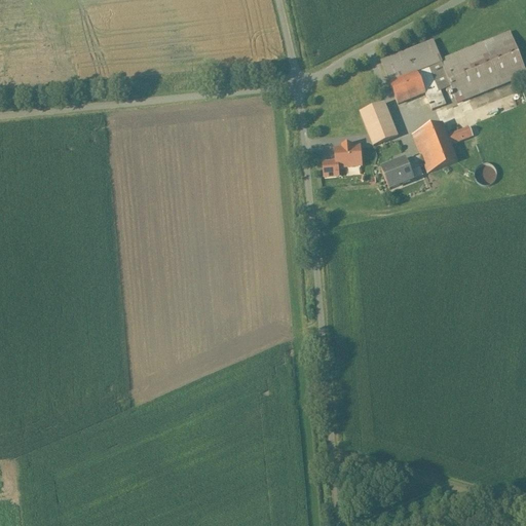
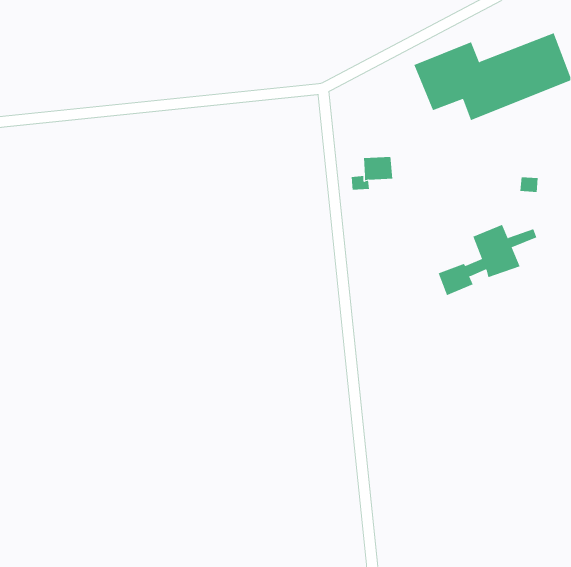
building: [361,101,397,144] -> none
building: [381,121,473,187] -> [438,224,537,296]

